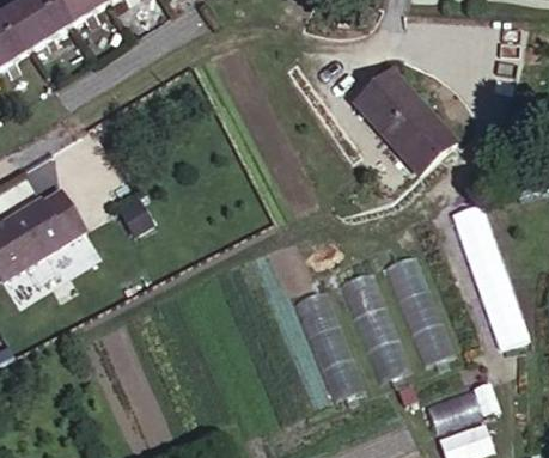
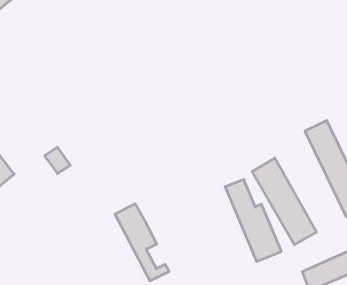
building: [358,66,455,157] -> none
building: [295,292,354,392] -> [115,204,169,281]

